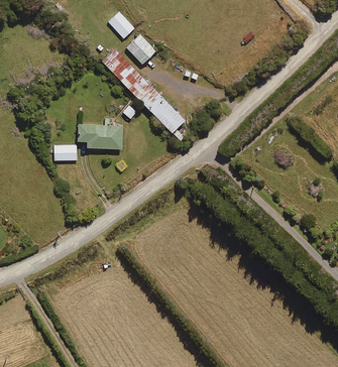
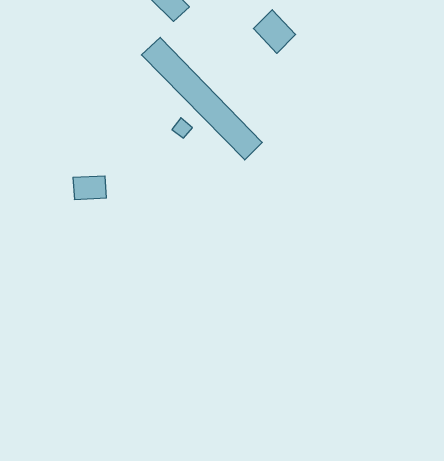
building: [126,34,155,65] -> [253,10,296,53]
building: [78,125,122,150] -> none

